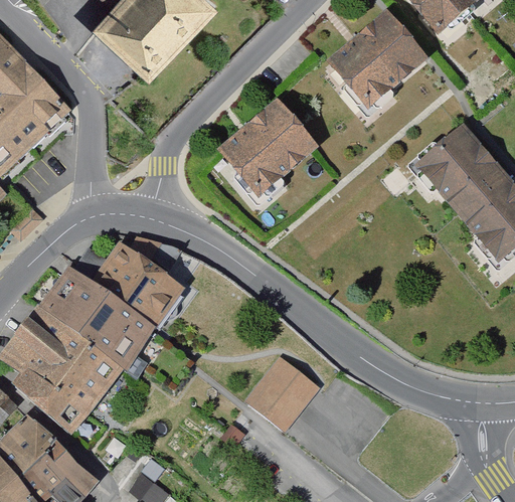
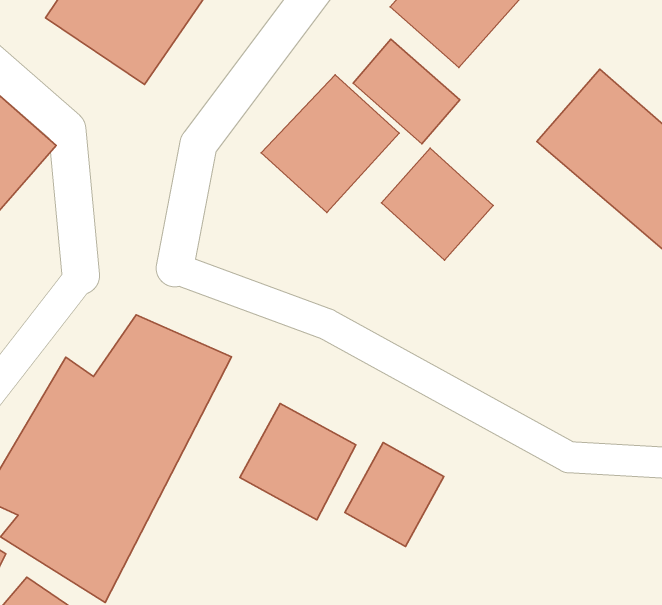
building: none -> [353,39,460,144]
building: none -> [381,148,493,260]
building: none -> [240,403,356,520]

